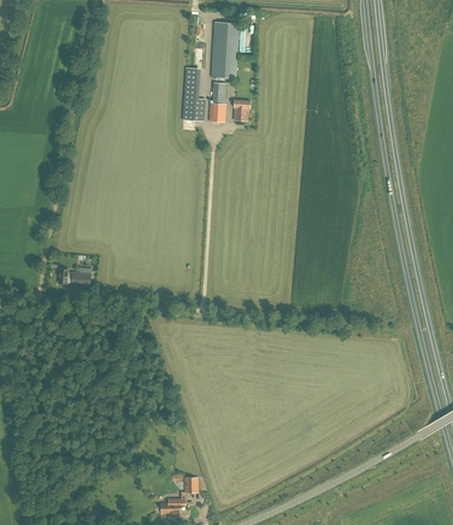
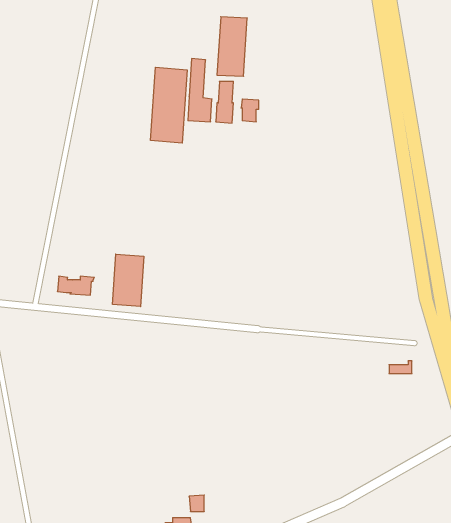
building: none -> [151,67,187,143]
building: none -> [113,254,144,307]

